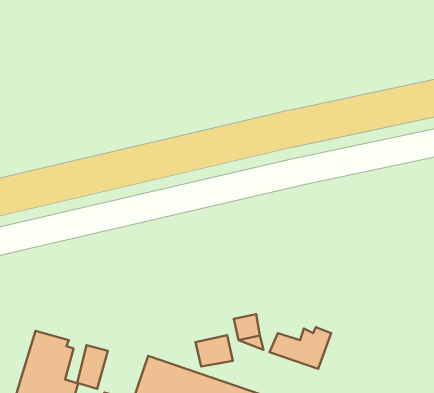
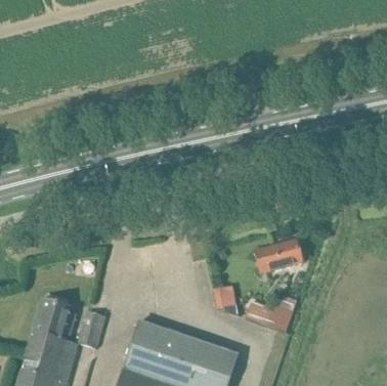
building: none -> [254,240,303,273]
building: [195,335,233,367] -> none

